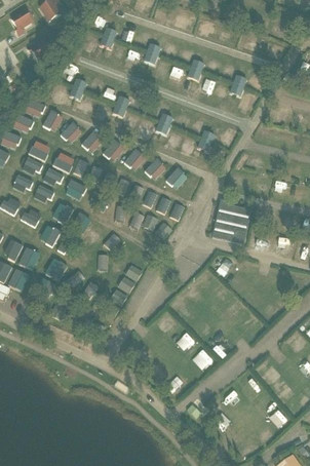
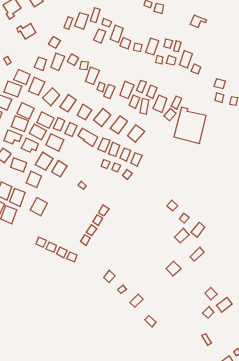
building: [211,199,251,244] -> [174,107,206,144]

